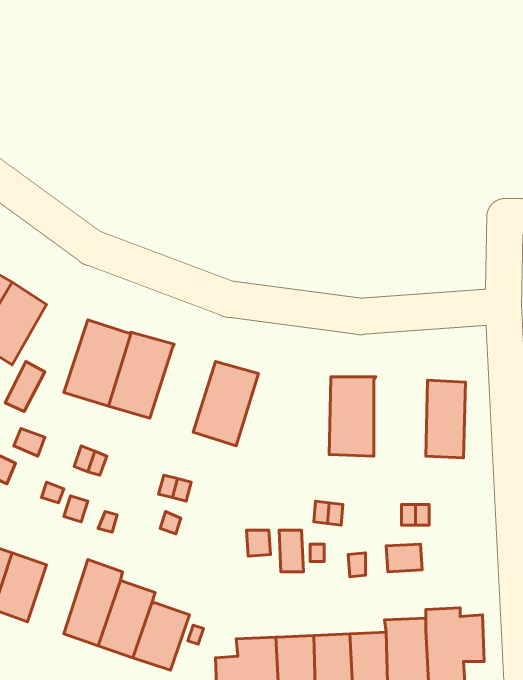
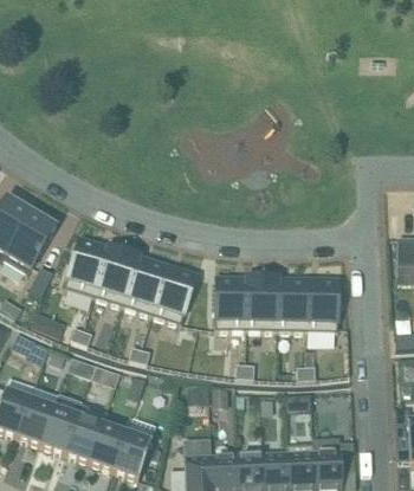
building: none -> [124,257,169,315]
building: none -> [215,278,248,330]
building: none -> [278,279,315,331]
building: none -> [40,402,82,453]

